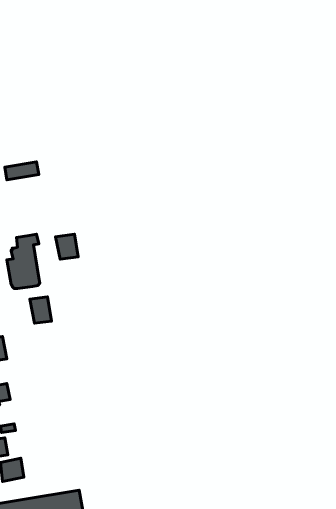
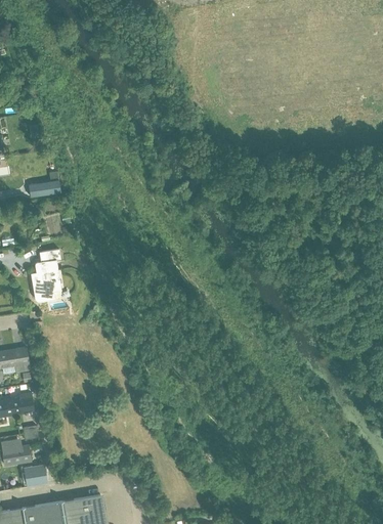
building: [55,234,78,259] -> none
building: [30,297,52,323] -> none

